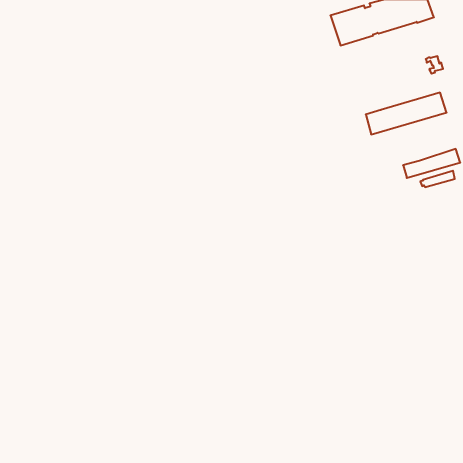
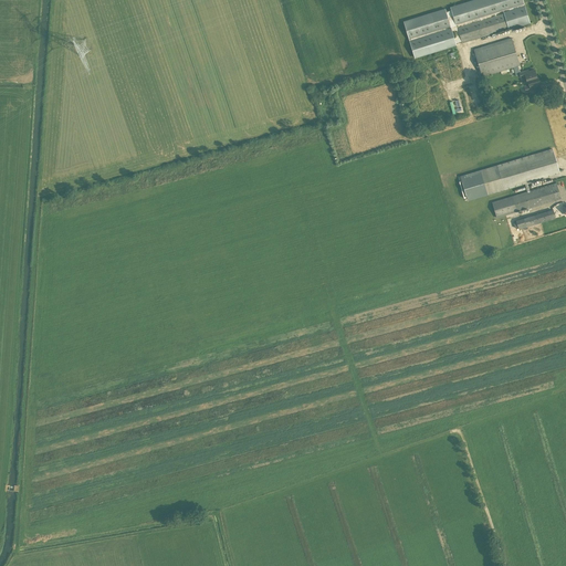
building: none -> [472,36,518,76]
building: [366,93,447,134] -> [460,148,558,199]

